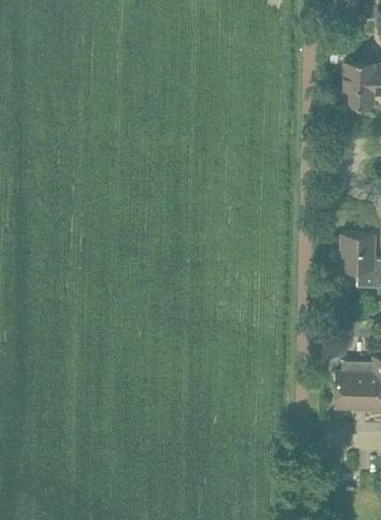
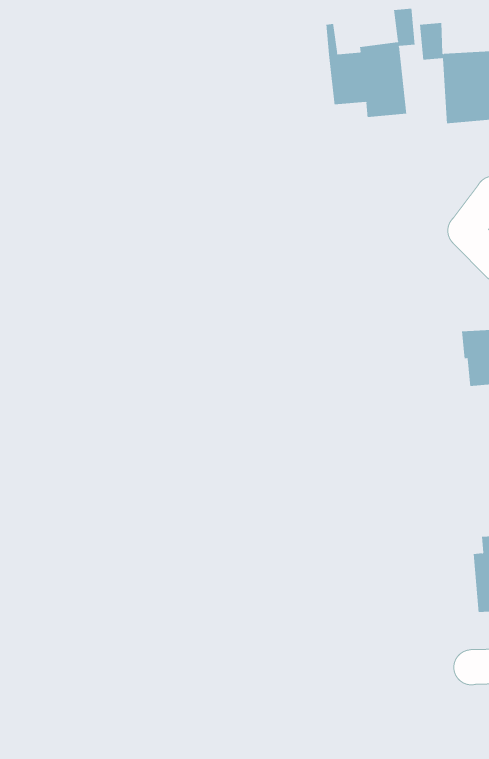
building: none -> [326,8,415,118]

